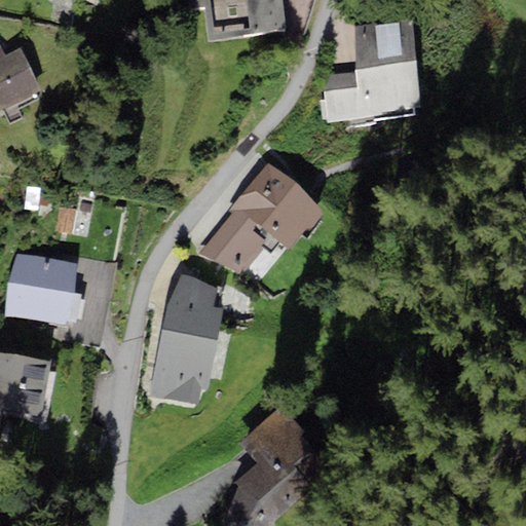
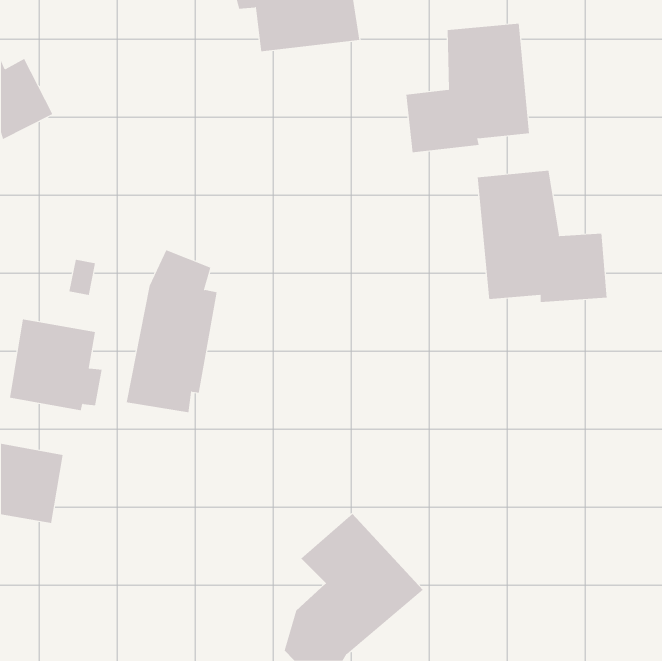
building: none -> [477,170,607,303]
building: [200,161,325,273] -> none
building: [149,273,222,403] -> [126,249,218,413]

